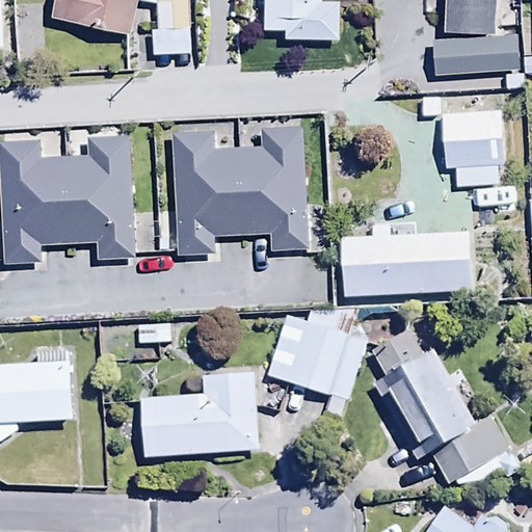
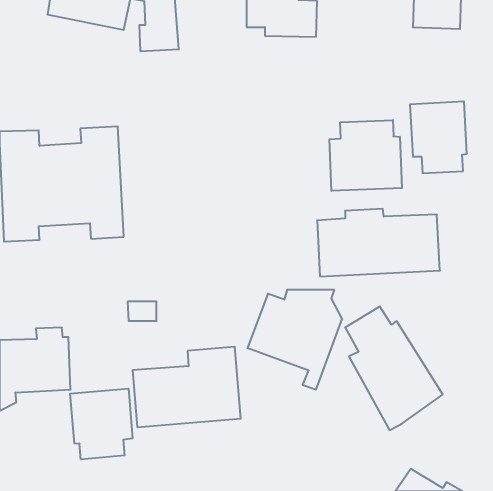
building: [433,34,517,76] -> none
building: [172,128,309,250] -> none
building: none -> [329,120,402,191]
building: [431,416,520,484] -> none
building: none -> [70,389,133,459]

